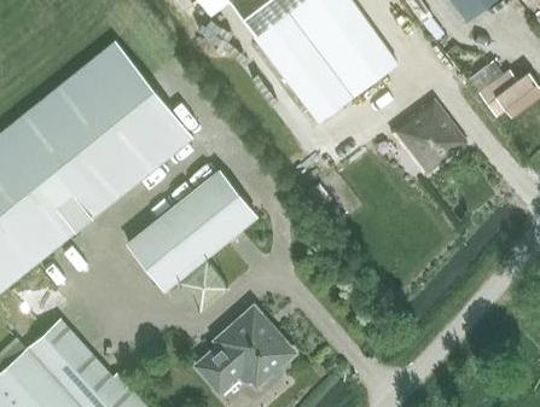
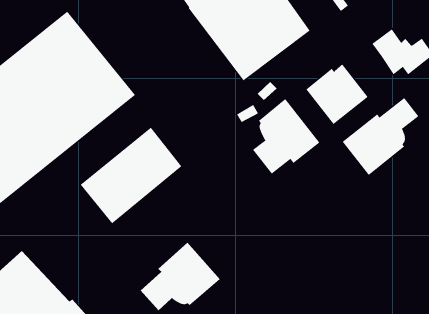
building: none -> [342,97,419,176]
building: none -> [252,98,320,174]

